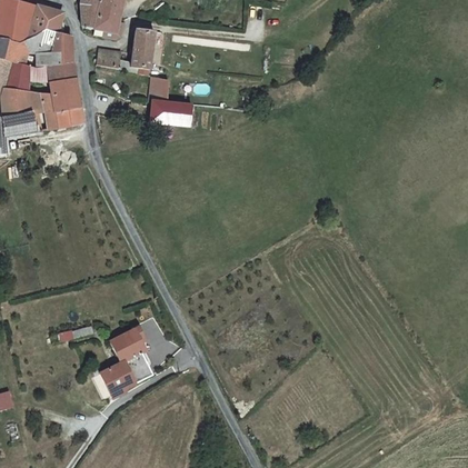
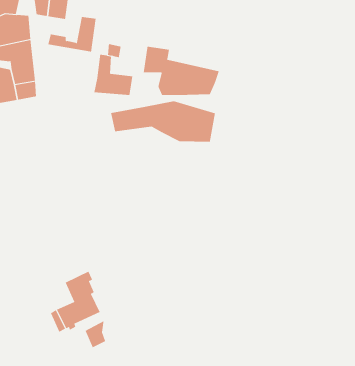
building: none -> [143,46,220,96]
building: none -> [110,101,215,142]
building: none -> [85,320,106,348]

